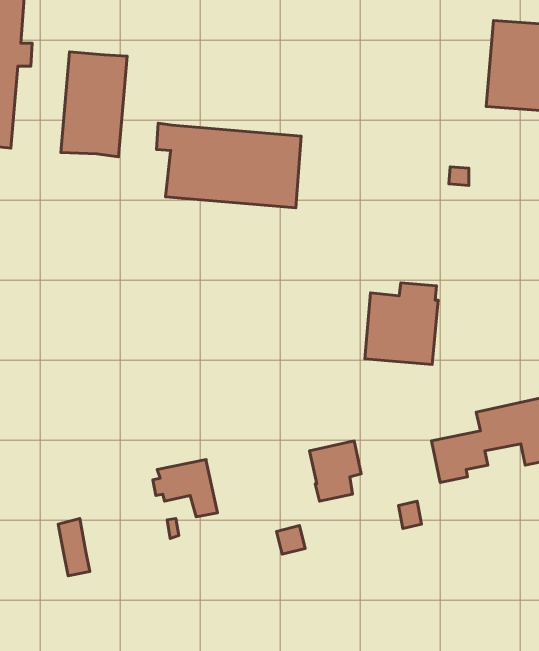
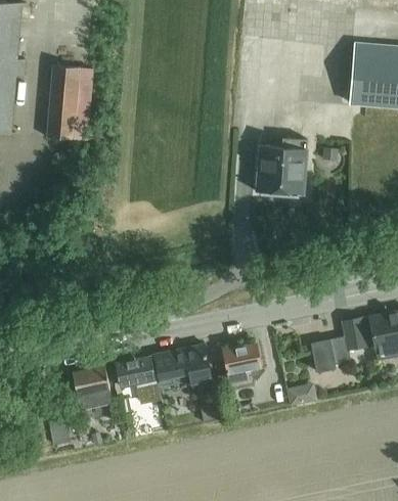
building: [156,123,301,208] -> none
building: [365,283,438,365] -> [256,137,308,195]
building: none -> [154,346,212,390]
building: none -> [73,366,115,418]

